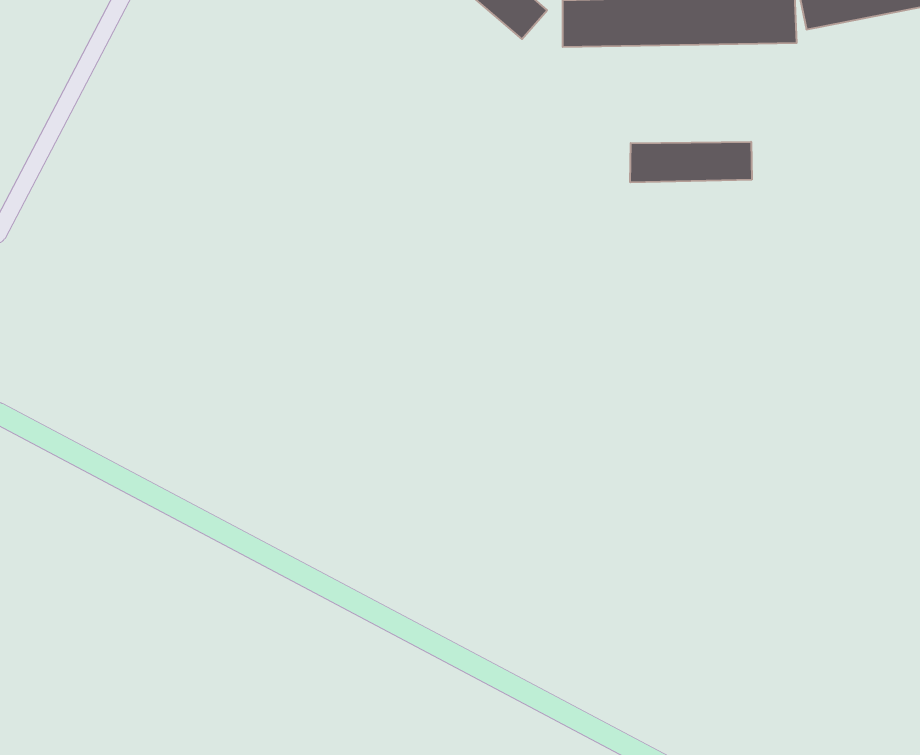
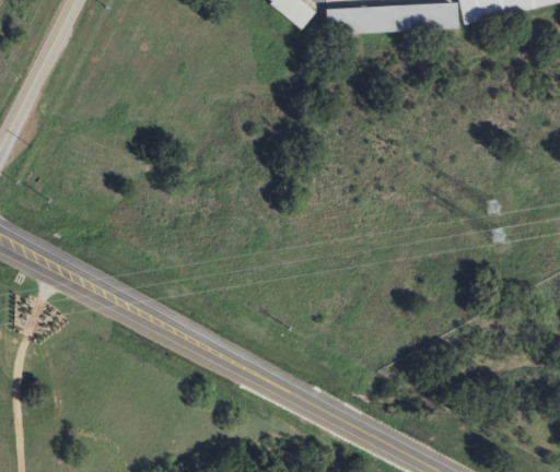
building: [630,142,752,182] -> none

